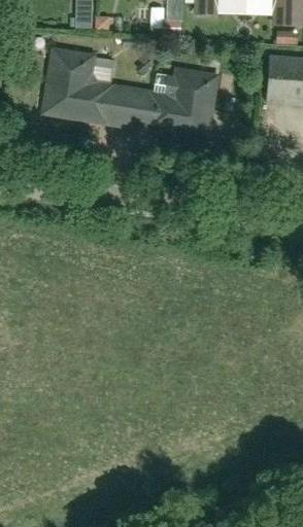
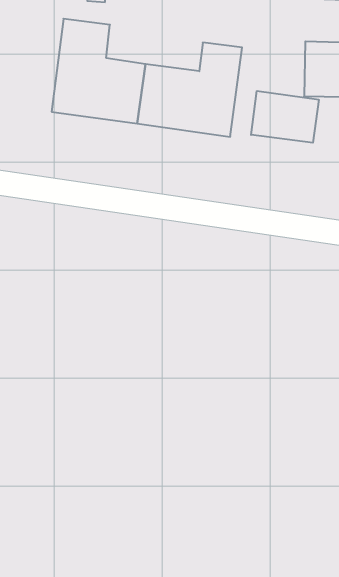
building: none -> [251,91,319,143]

